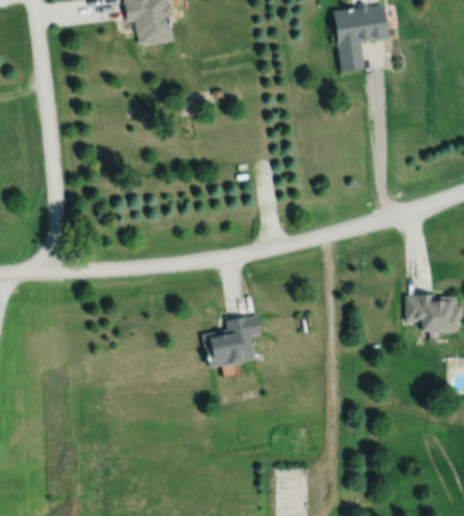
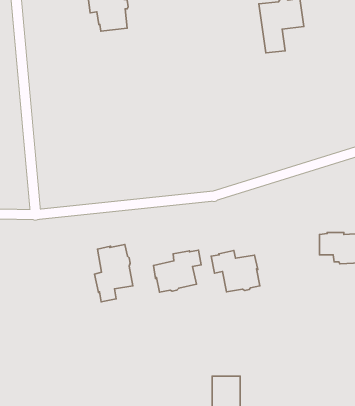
building: none -> [94,244,133,302]
building: none -> [211,250,260,292]

